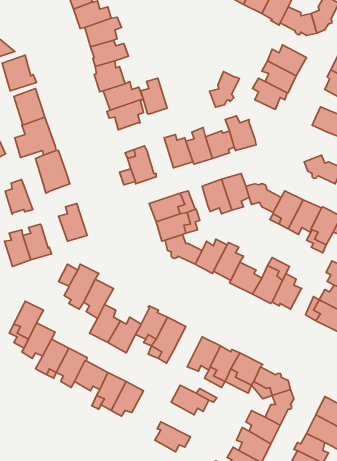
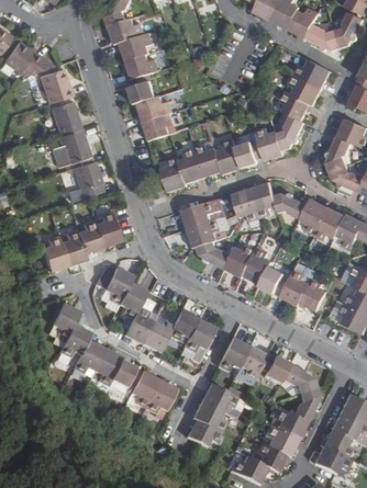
building: [210,71,240,107] -> [277,114,305,148]
building: [141,78,167,114] -> [179,147,204,181]
building: none -> [326,135,352,170]
building: [5,180,33,214] -> [78,219,104,252]
building: none -> [192,399,226,432]

